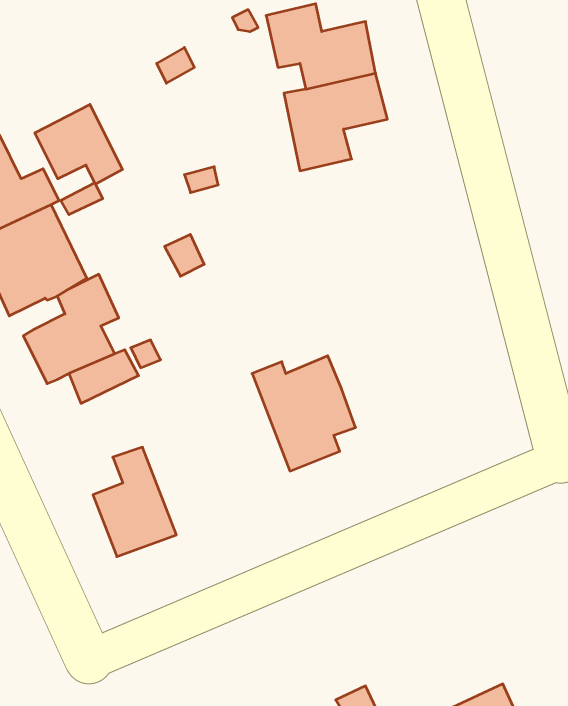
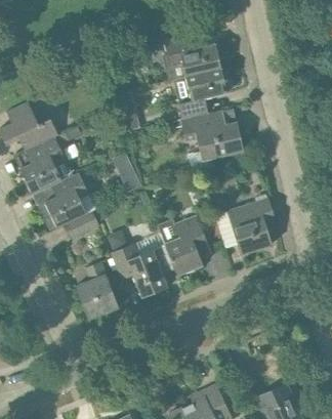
building: [35,104,122,184] -> none
building: none -> [169,111,244,172]
building: none -> [227,199,276,254]
building: none -> [111,244,168,298]

